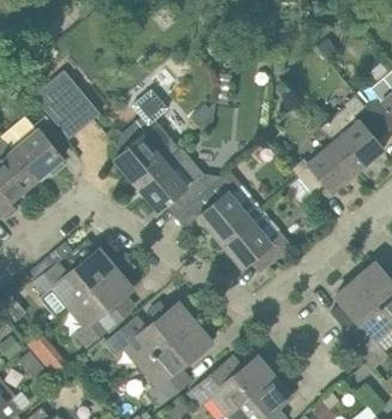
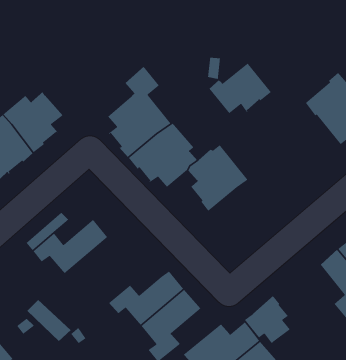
building: [34,70,101,139] -> none
building: [291,140,357,194] -> [209,62,272,114]
building: [219,208,292,273] -> none
building: [69,268,135,346] -> none
building: none -> [244,295,291,344]

